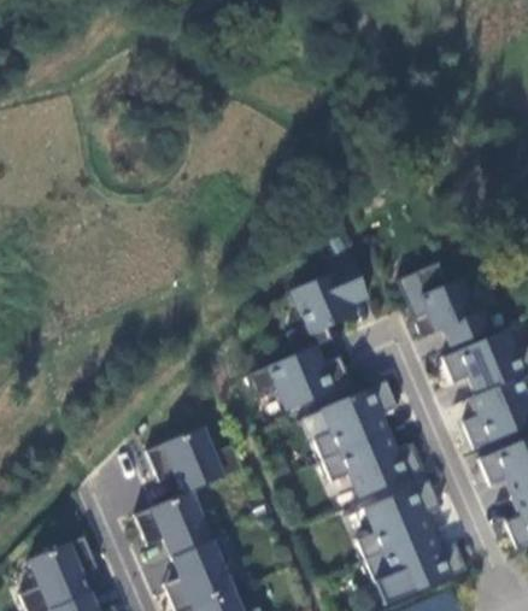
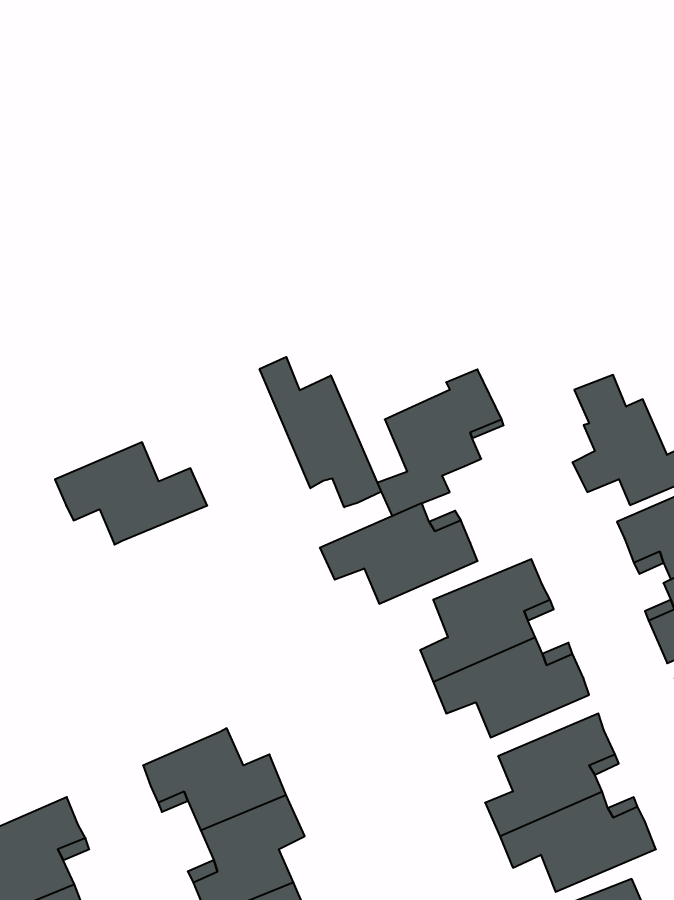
building: none -> [260,357,381,507]
building: [143,428,242,494] -> [55,442,207,545]

